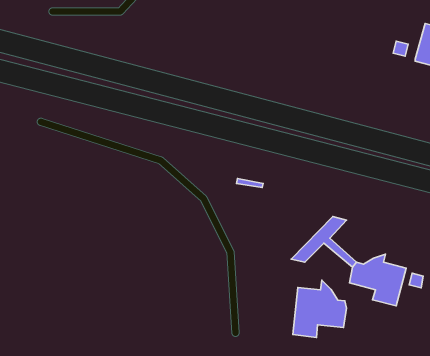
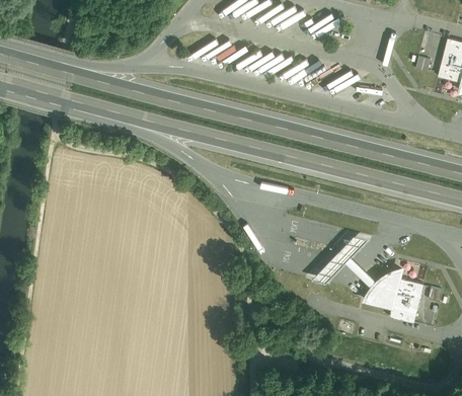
building: [293,280,347,337] -> none

